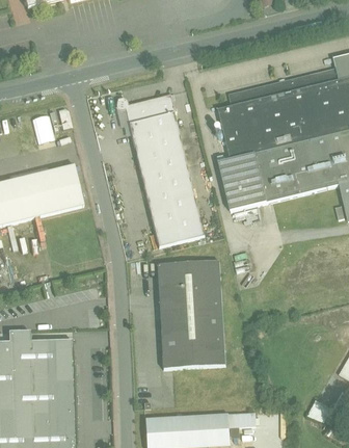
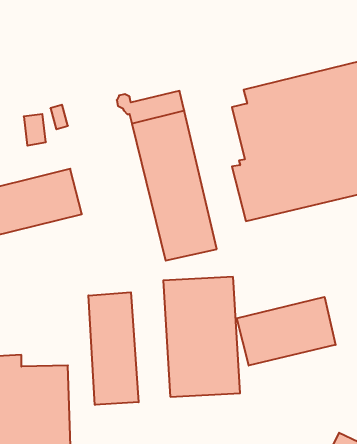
building: none -> [88,292,139,405]
building: none -> [237,297,336,366]

